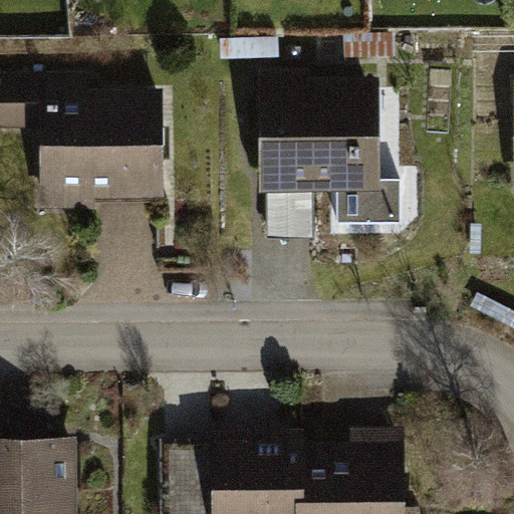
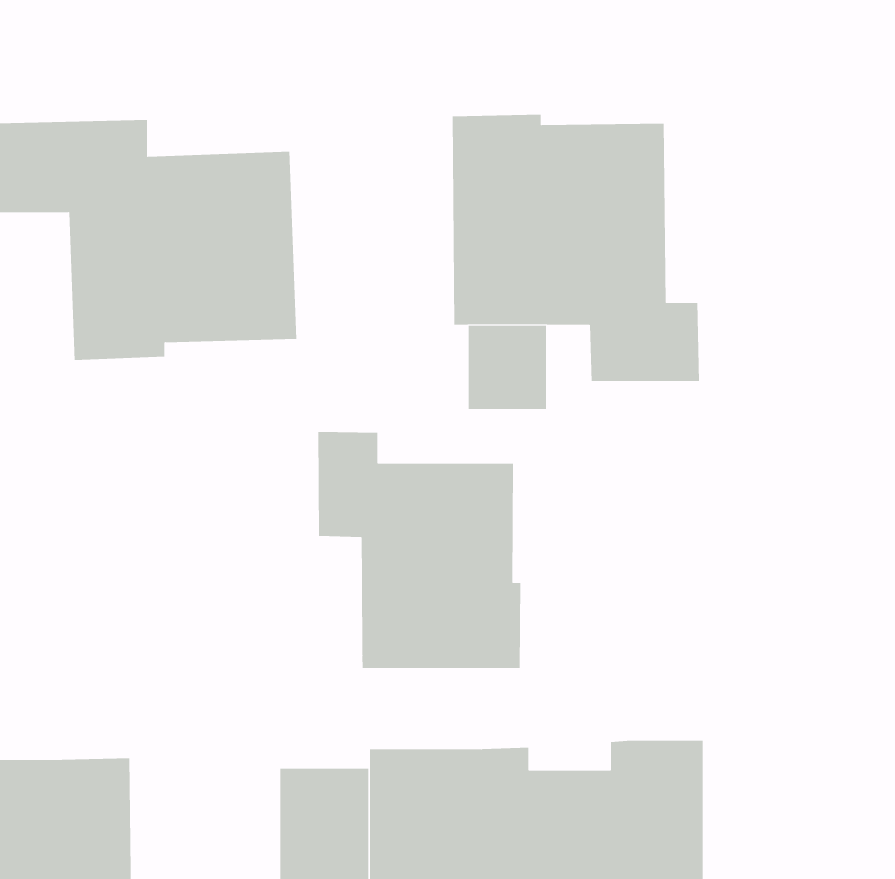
building: none -> [318,431,521,669]

